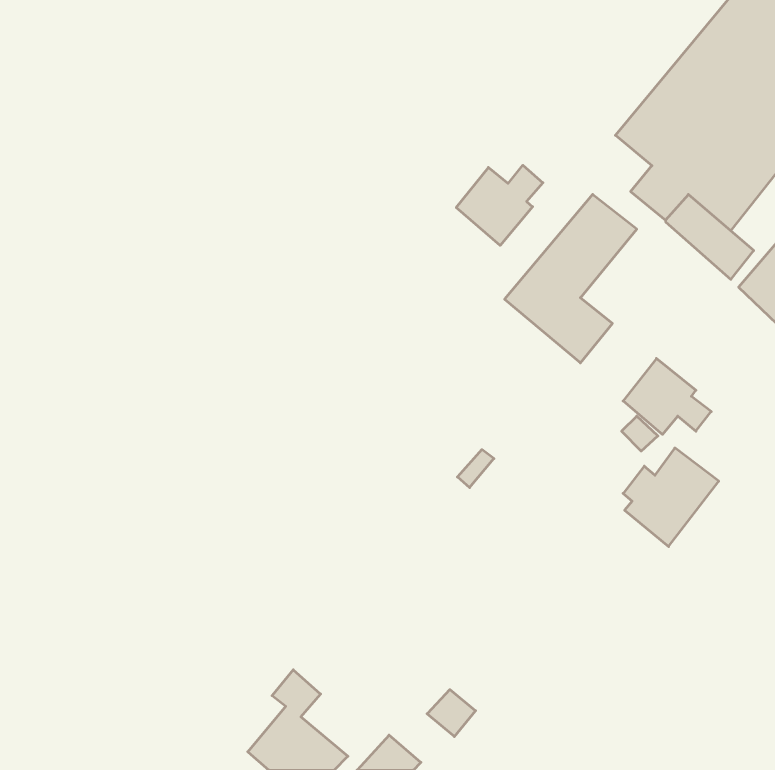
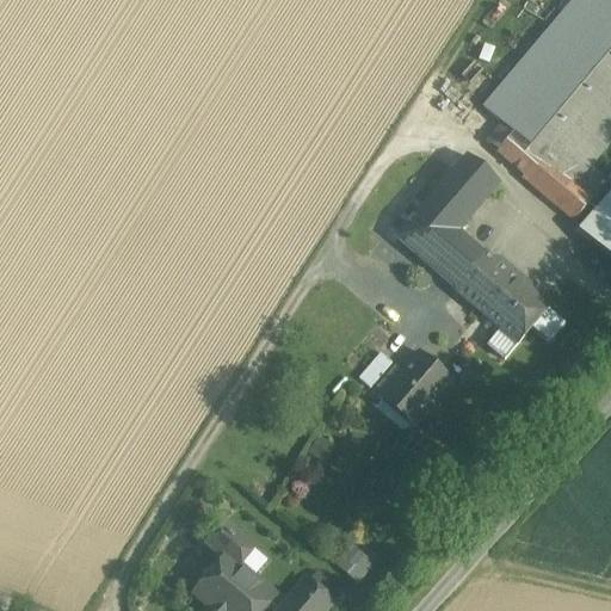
building: [456,165,543,245] -> none
building: none -> [457,254,517,315]
building: [623,448,719,547] -> [378,350,453,427]

